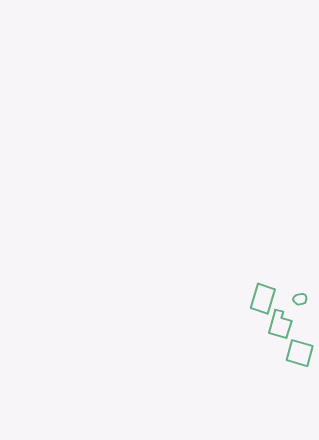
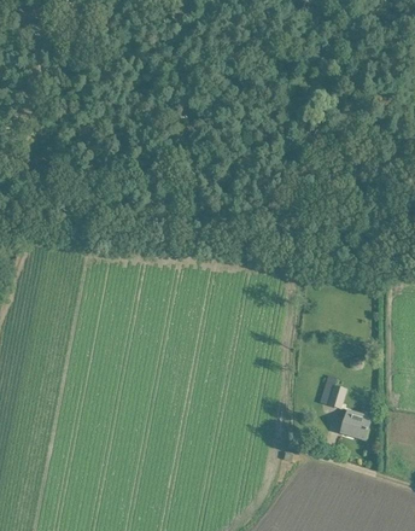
building: [251,283,275,314] -> none

